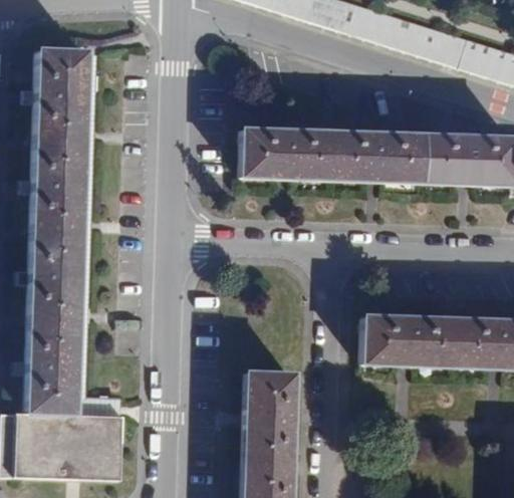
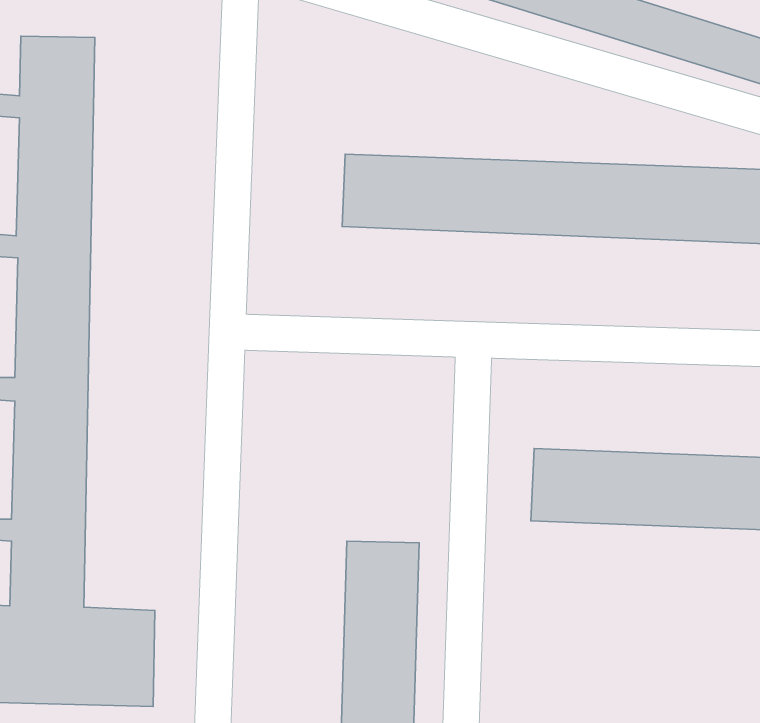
building: [75,52,121,418] -> none

